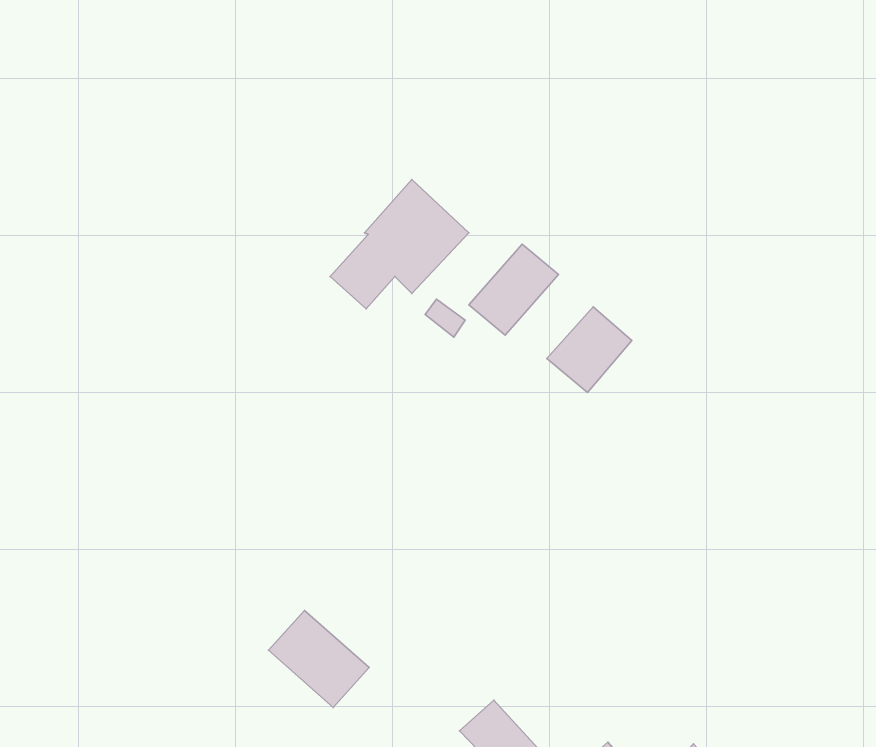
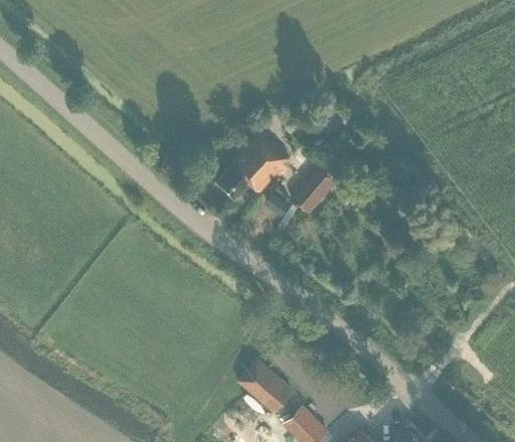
building: [547,307,632,392] -> none
building: [268,610,369,707] -> [240,364,294,416]

